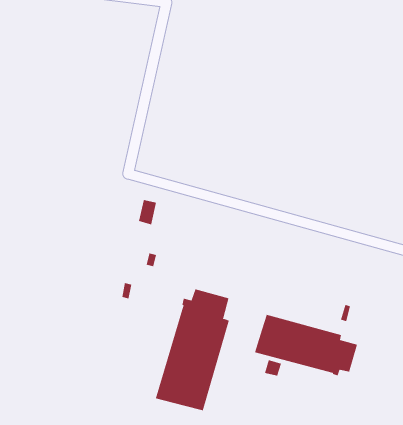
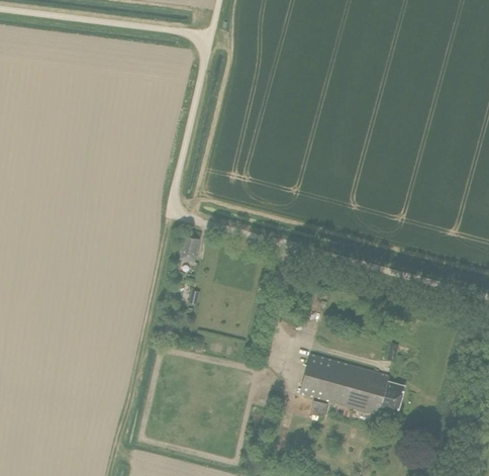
building: [155,288,230,411] -> none

